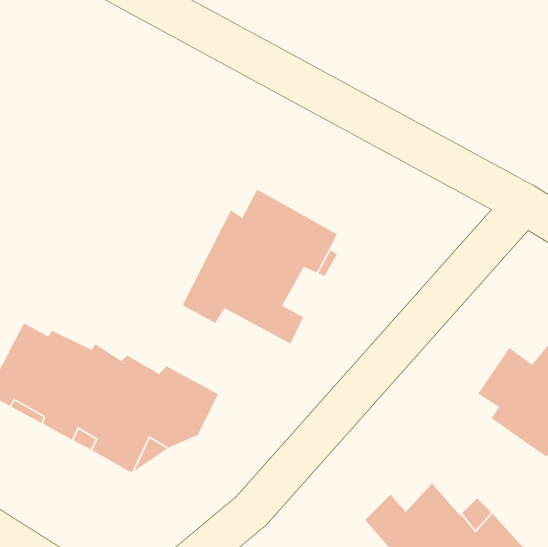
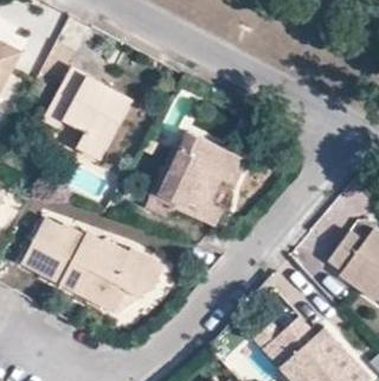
building: none -> [44,66,134,158]

